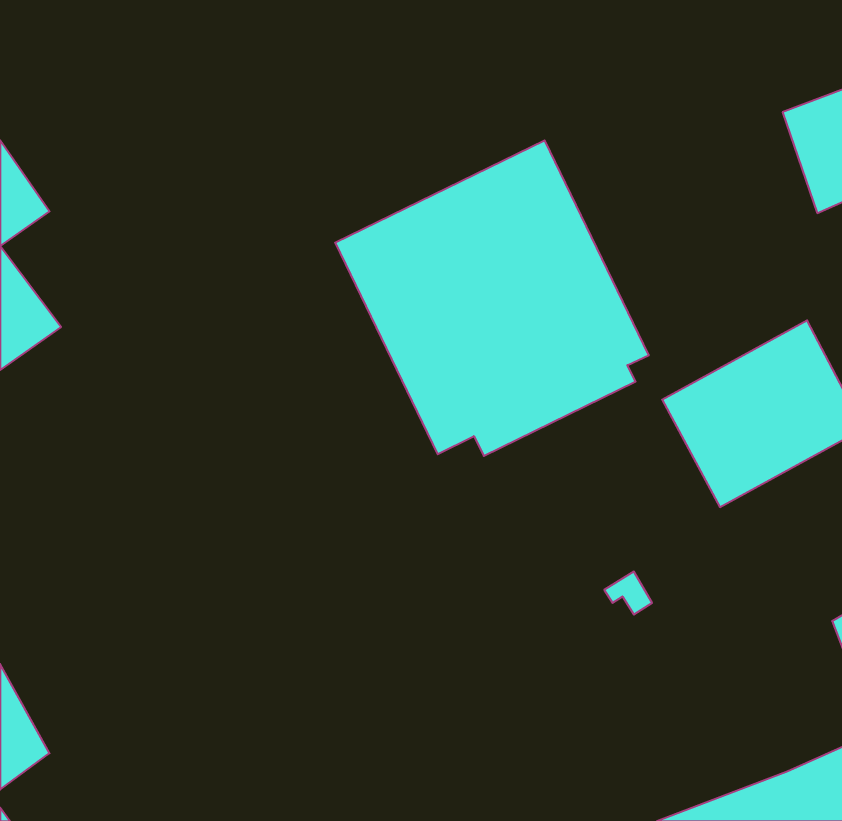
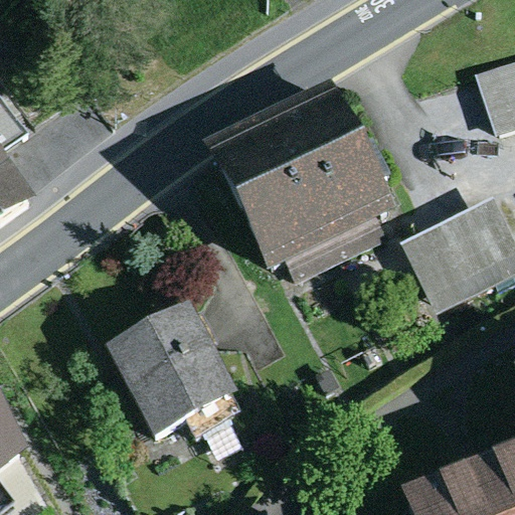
building: none -> [106,308,243,448]

